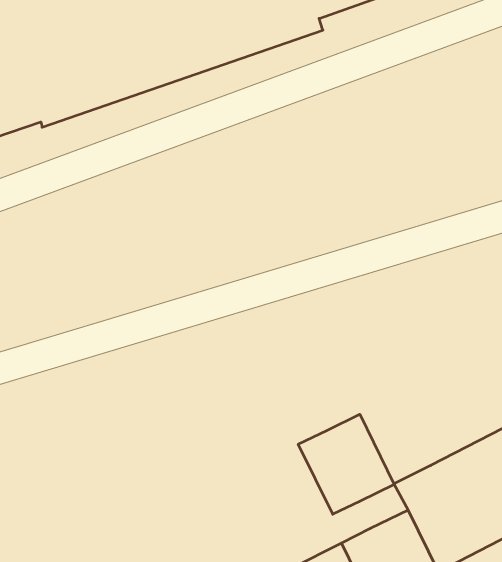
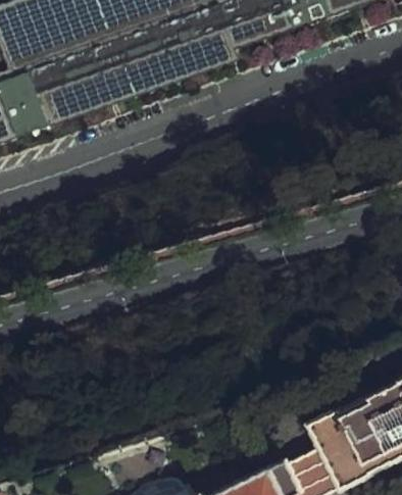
building: [298,414,394,514] -> none

